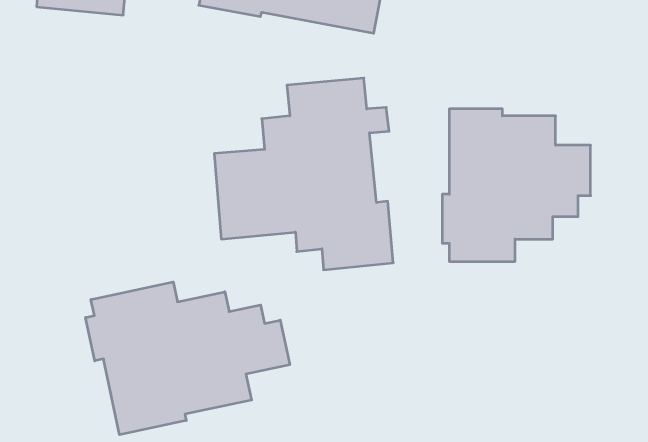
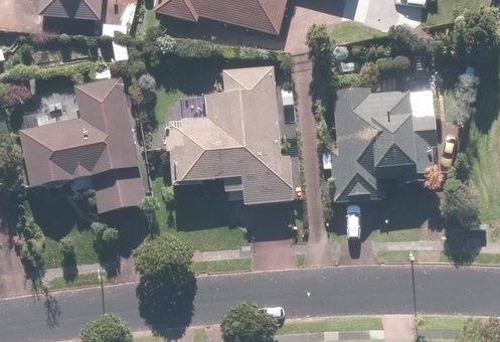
building: none -> [19,75,148,214]
building: [86,282,290,435] -> none

